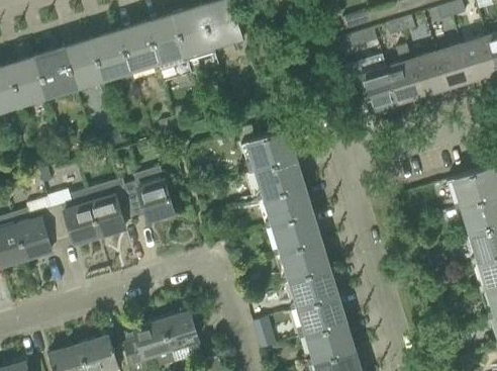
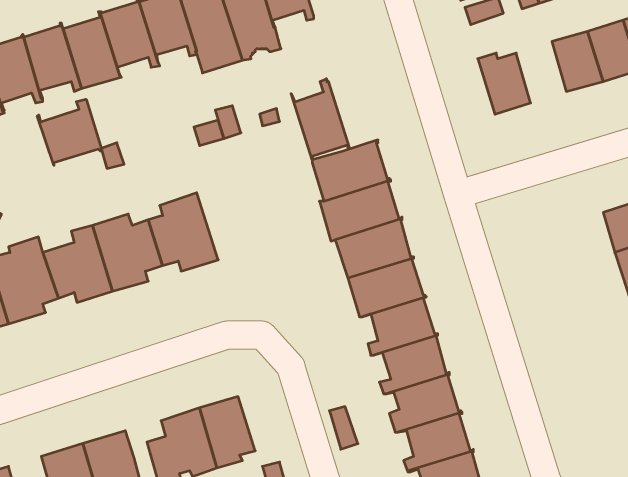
building: [387,44,422,102] -> none
building: none -> [291,79,349,160]
building: none -> [37,99,102,165]

